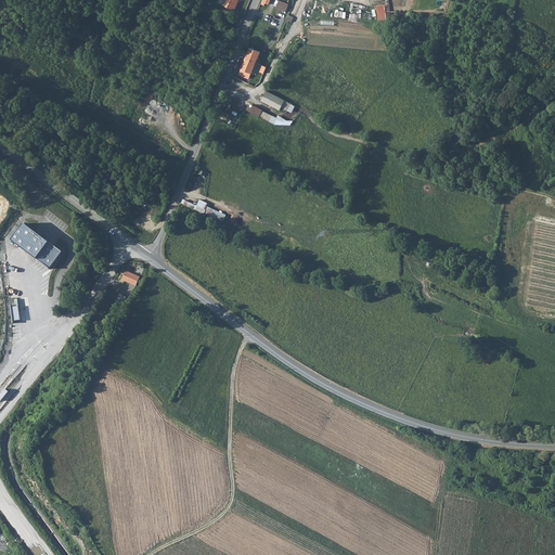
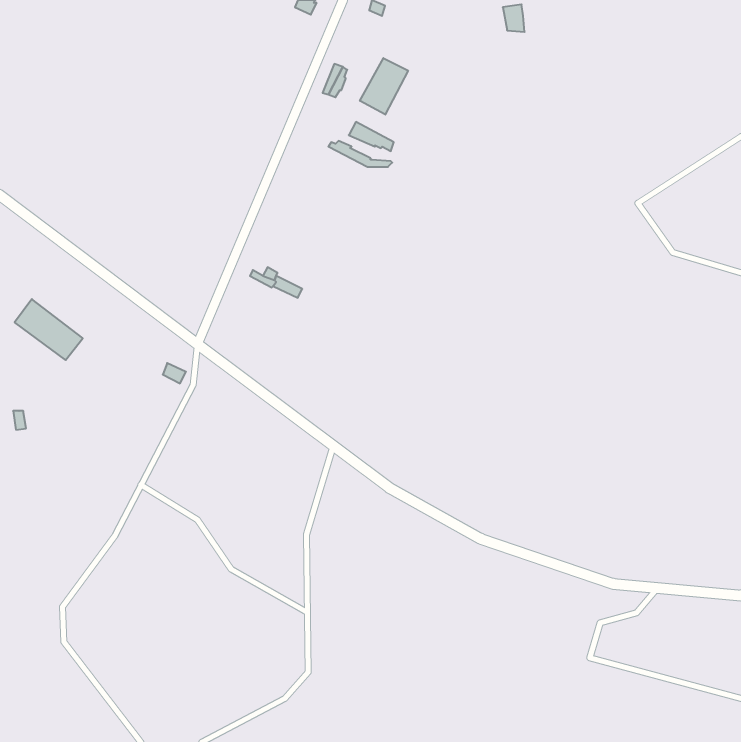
building: none -> [360,58,408,115]

